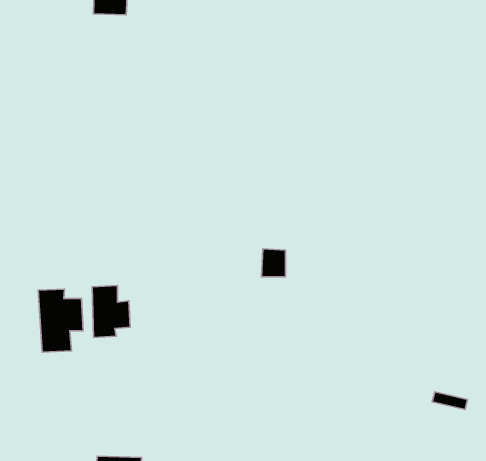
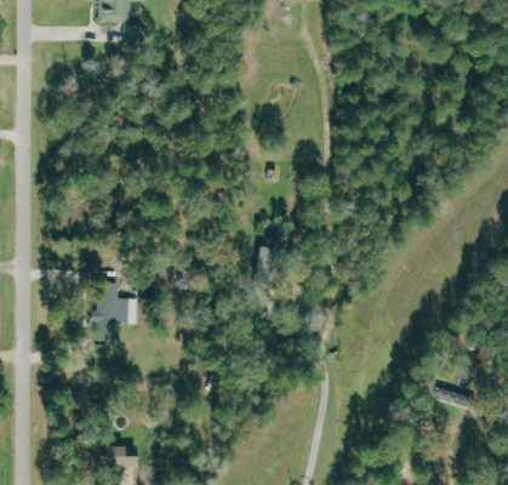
building: [38,289,83,352] -> none

